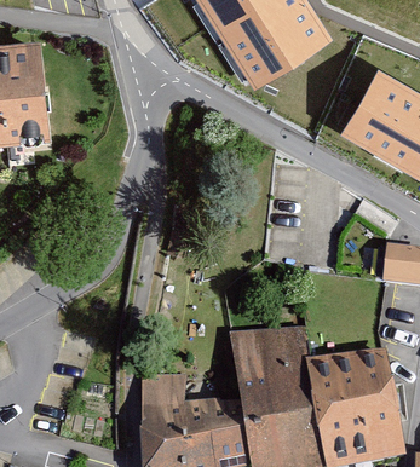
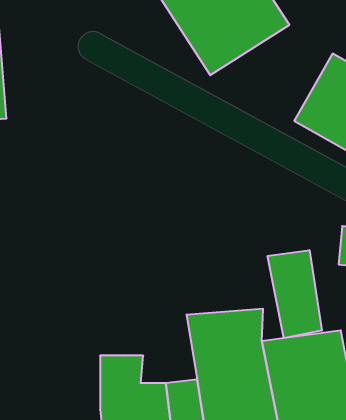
building: none -> [268,250,322,338]

